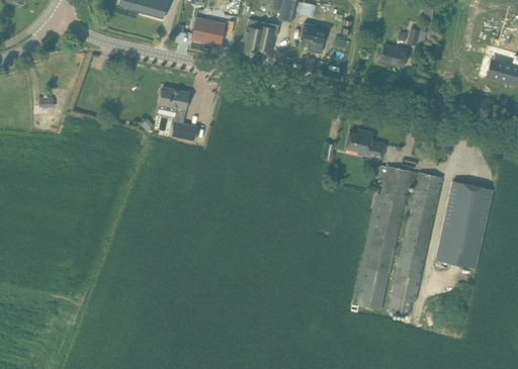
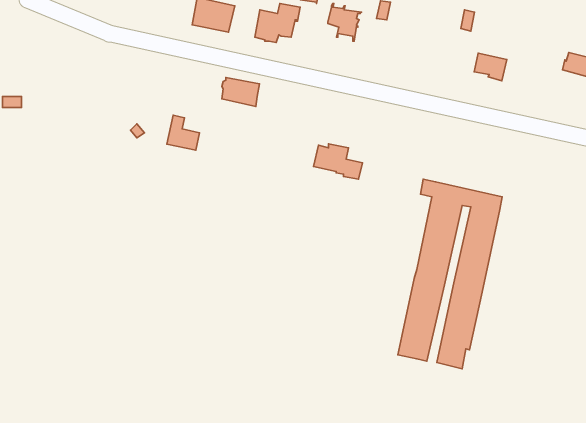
building: [380,44,407,67] -> [474,53,507,81]
building: [159,87,189,110] -> [222,78,260,106]
building: [345,129,384,158] -> [313,144,362,179]
building: [435,181,492,268] -> none

